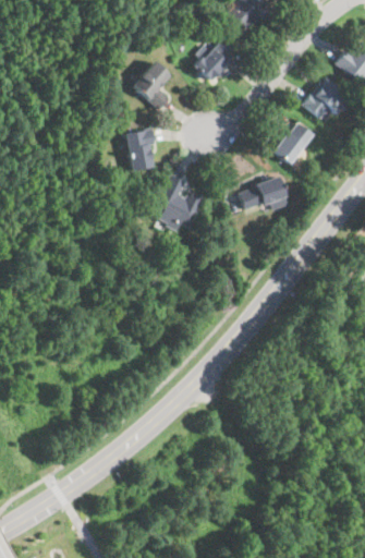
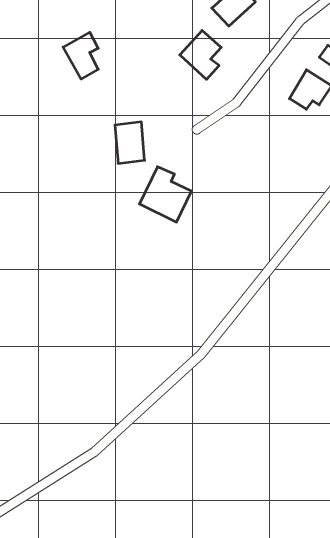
building: [134,64,170,112] -> [63,32,98,79]
building: [275,120,314,162] -> none
building: [239,175,289,215] -> none

